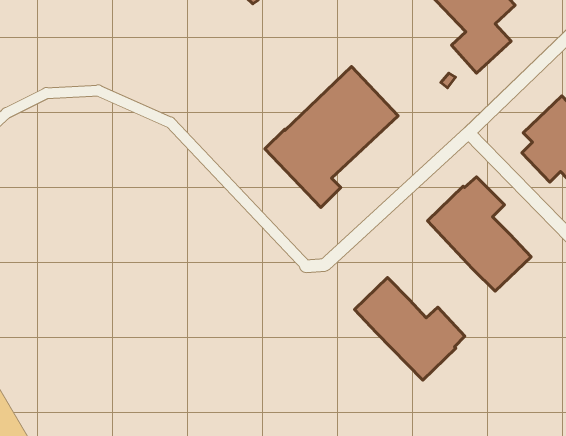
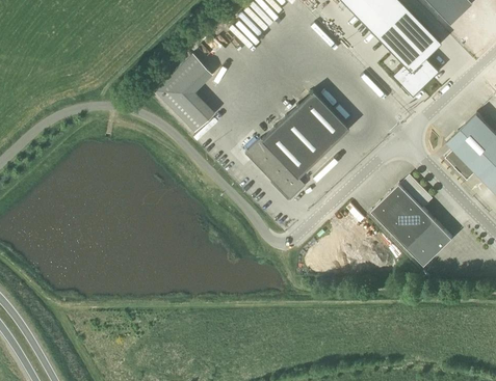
building: none -> [155,55,215,134]
building: [355,278,465,380] -> none

